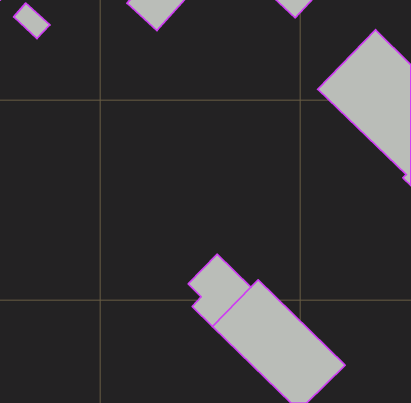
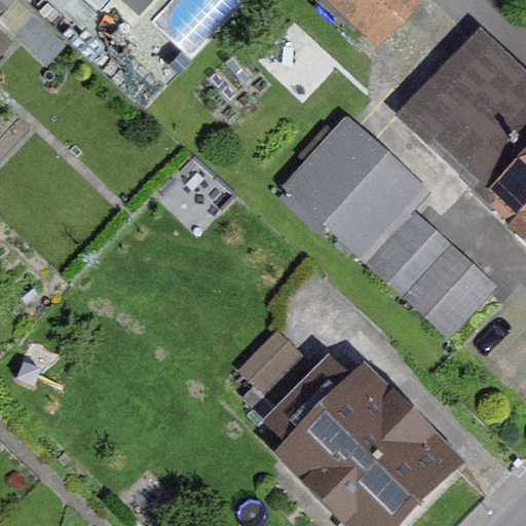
building: none -> [288,118,422,252]
building: none -> [373,212,489,326]

